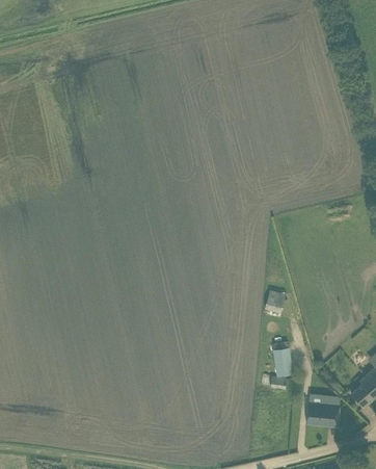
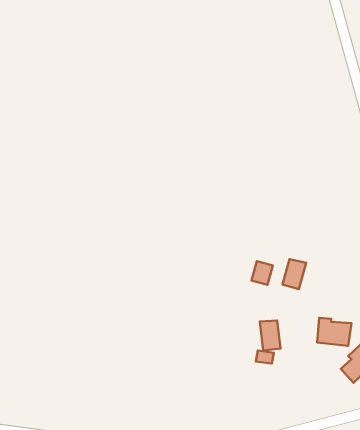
building: none -> [282,259,306,289]
building: [306,398,340,425] -> [317,318,351,346]

